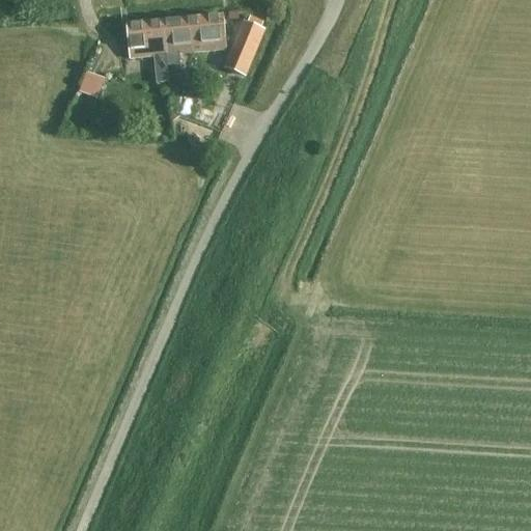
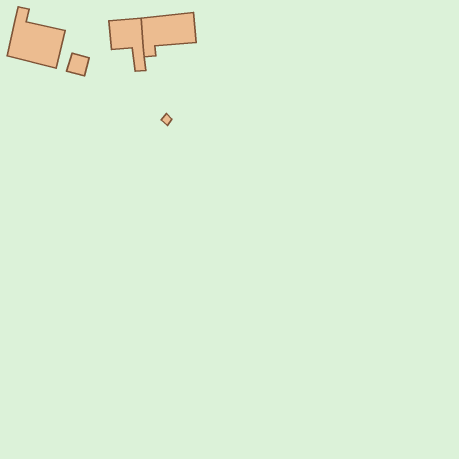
building: none -> [7,7,65,68]
building: [227,18,262,66] -> none

